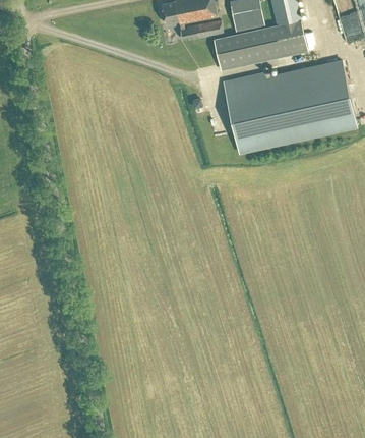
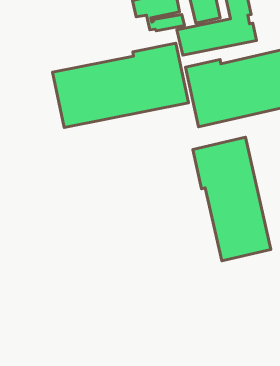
building: none -> [53,43,188,128]
building: none -> [193,137,271,261]

